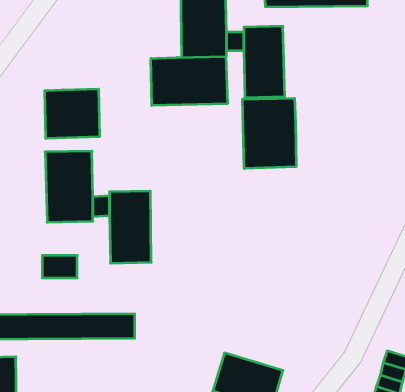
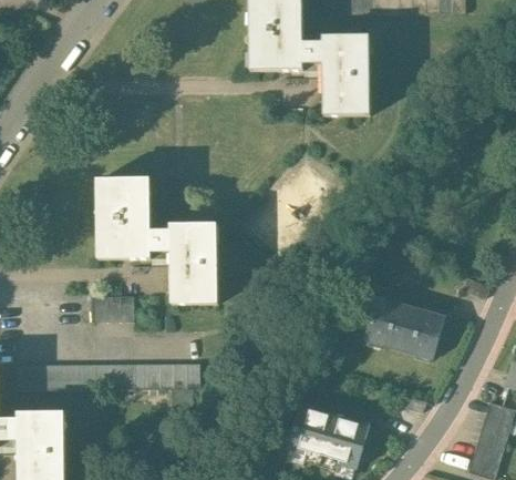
building: [151,57,227,106] -> none
building: [45,89,99,138] -> none
building: [243,98,296,169] -> none
building: none -> [363,298,442,360]

